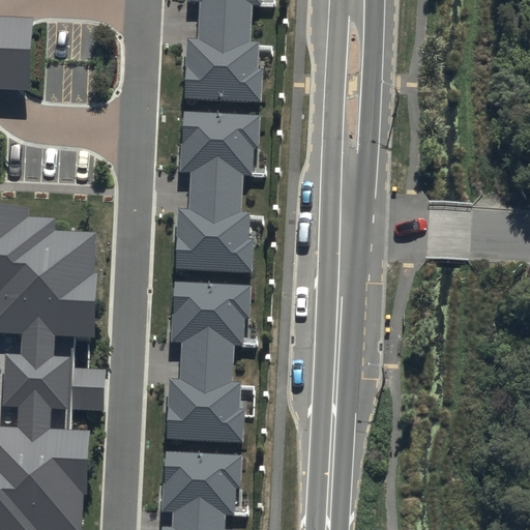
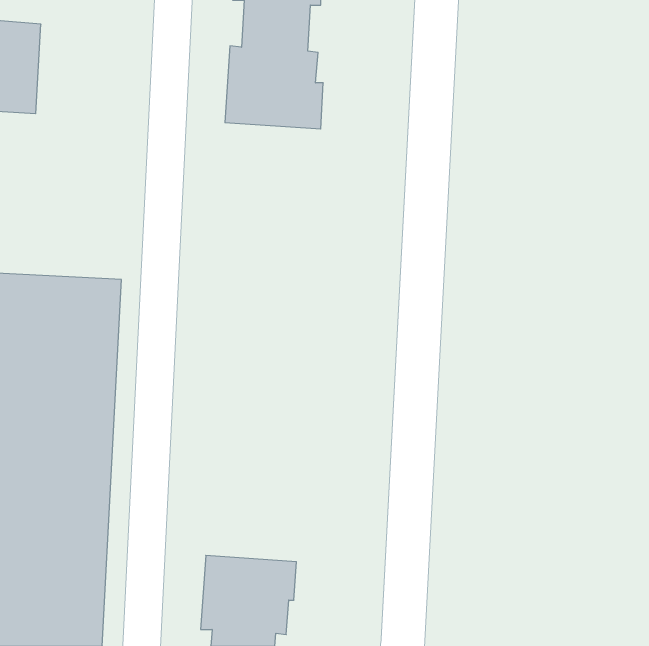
building: [175,113,258,271] -> none
building: [167,282,251,440] -> none

